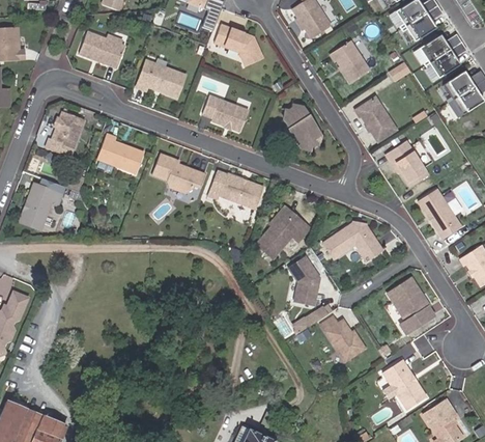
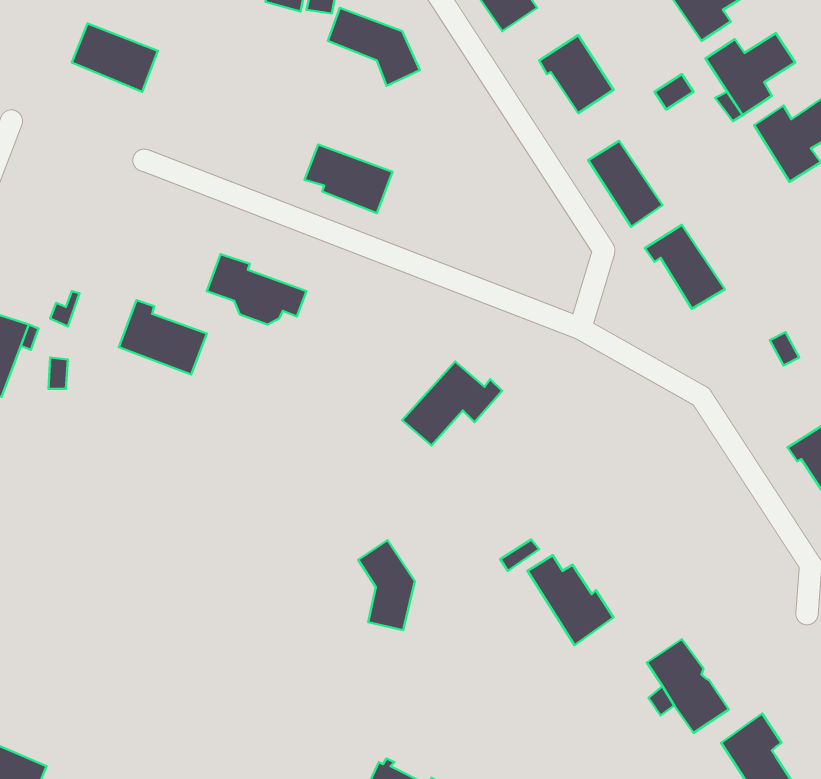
building: [137,61,186,99] -> none
building: [284,107,318,148] -> none
building: [47,110,86,157] -> none
building: [96,135,143,174] -> [119,300,207,375]
building: [206,174,261,213] -> none
building: [417,188,459,238] -> none
building: [322,222,381,258] -> none
building: [289,255,319,303] -> [358,540,415,630]
building: [384,279,431,327] -> none

